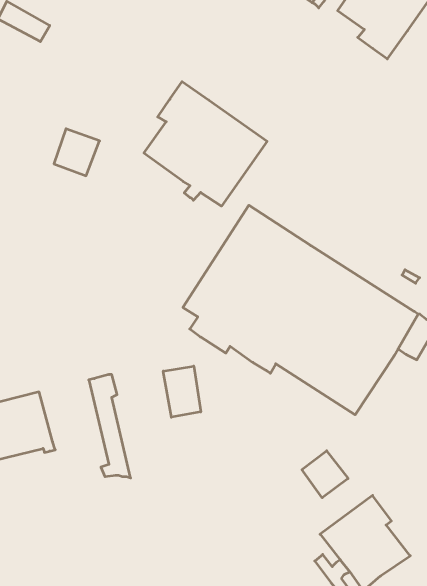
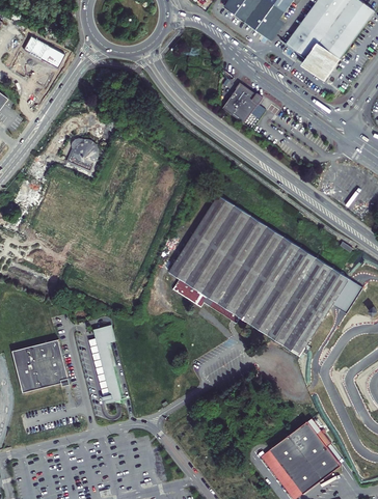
building: none -> [222,84,263,123]
building: [144,82,267,206] -> none
building: [163,366,201,417] -> none
building: [302,451,348,498] -> none

